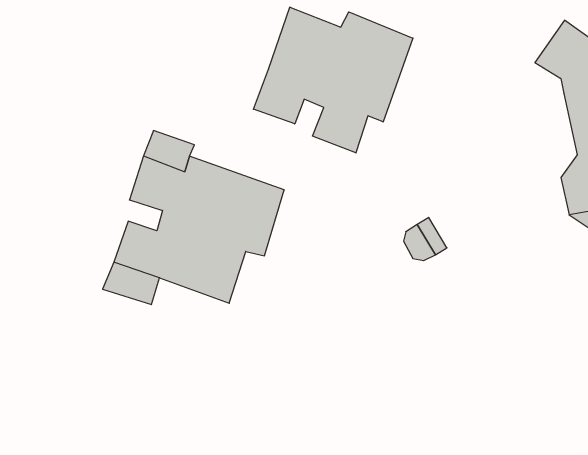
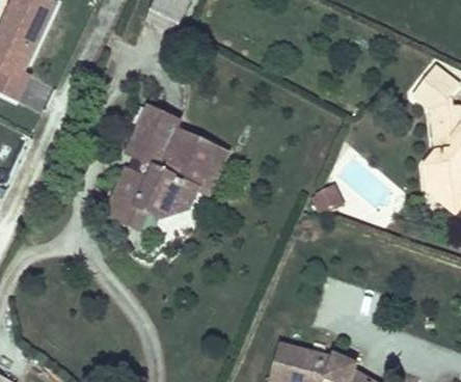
building: [253,7,413,153] -> none

